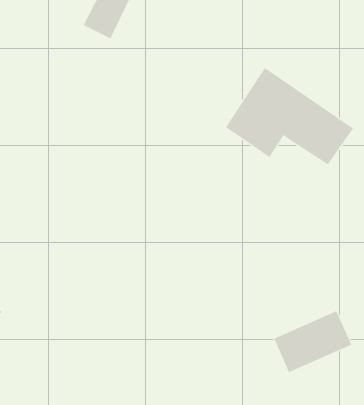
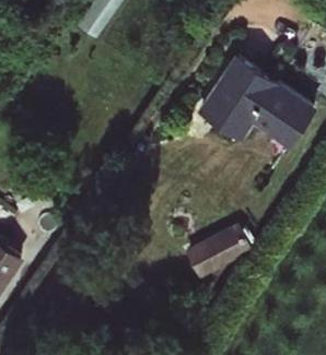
building: [273,311,352,373] -> [186,218,254,272]

